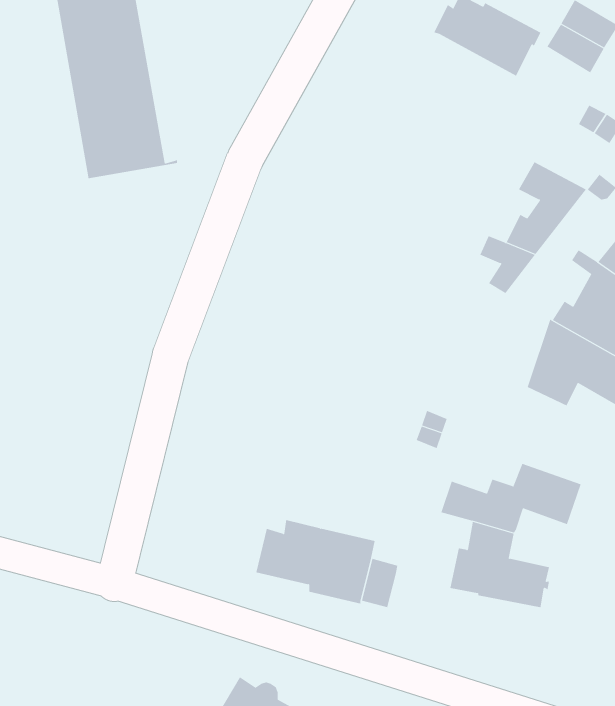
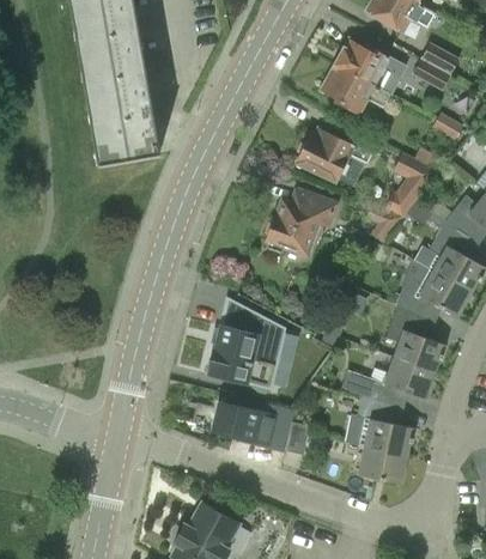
building: none -> [324,66,391,114]
building: none -> [298,128,373,183]
building: none -> [266,188,338,255]
building: none -> [207,296,286,389]
building: none -> [388,305,446,371]
building: none -> [359,446,408,484]

